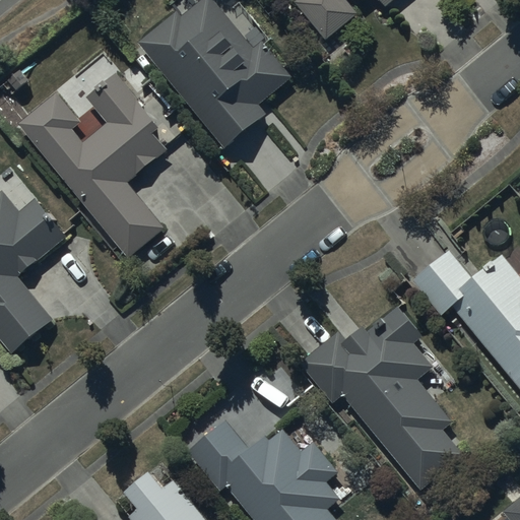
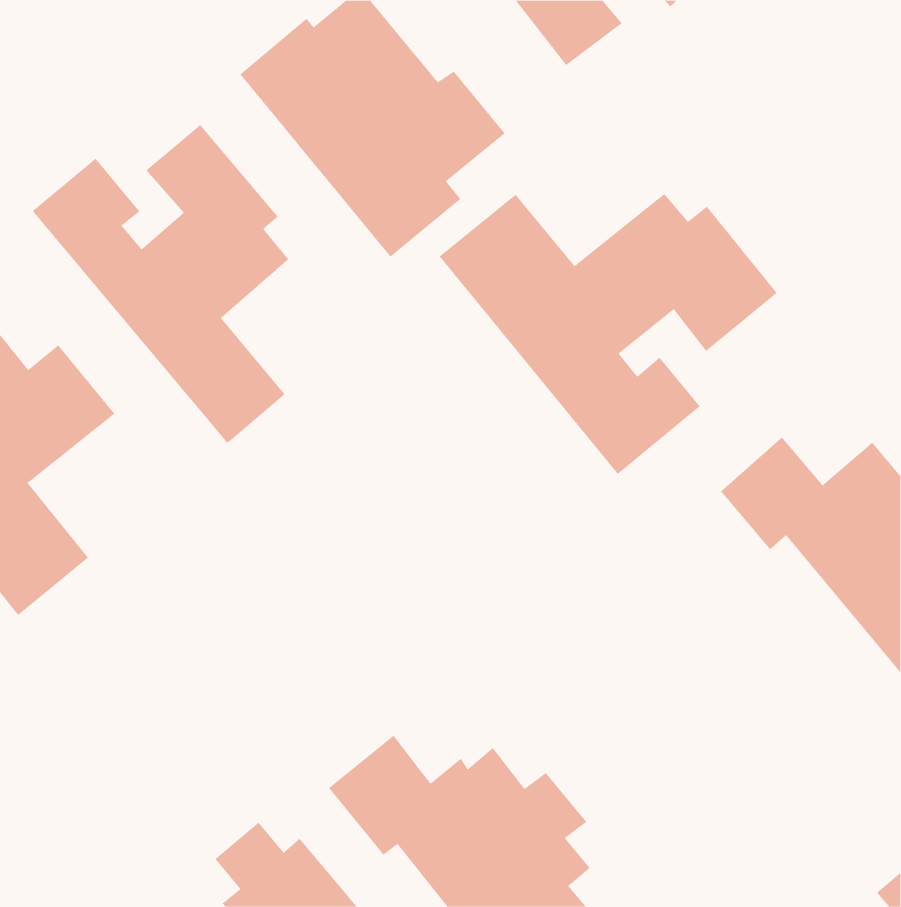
building: none -> [439,193,778,475]
building: [300,306,463,490] -> none

